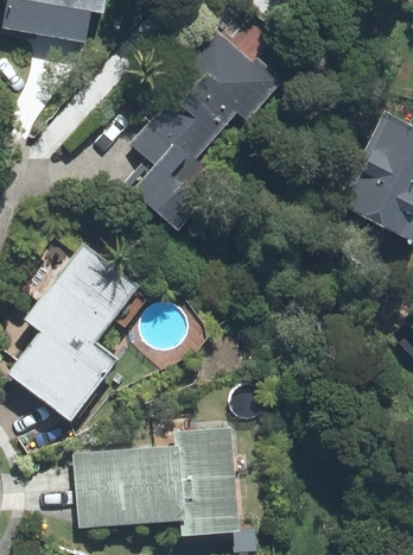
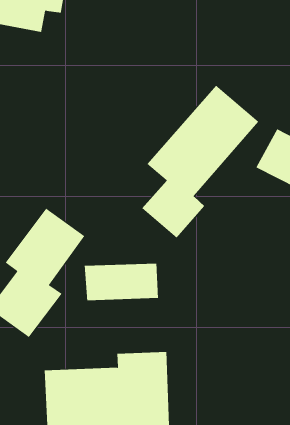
building: [132,37,274,223] -> [142,85,259,238]
building: none -> [84,263,159,301]

